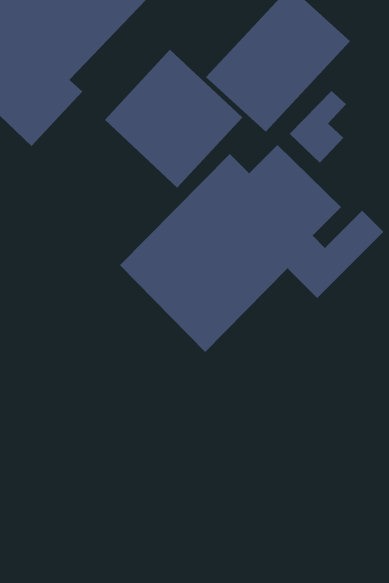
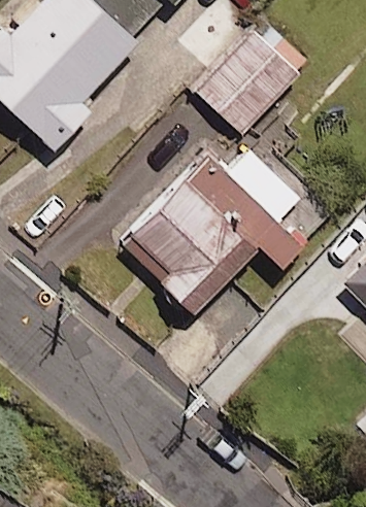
building: [104,49,243,189] -> none

